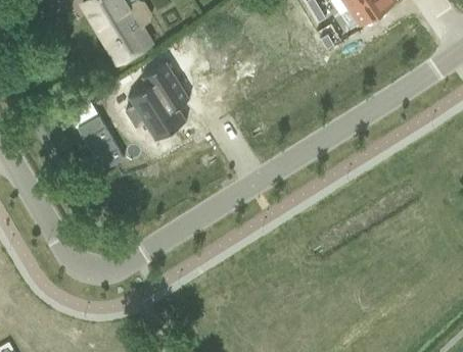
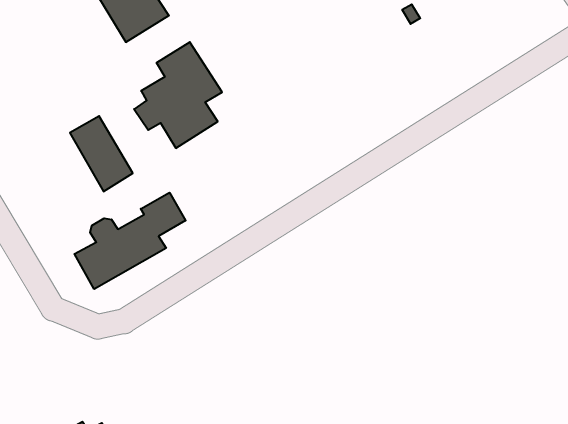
building: none -> [74,193,186,289]

